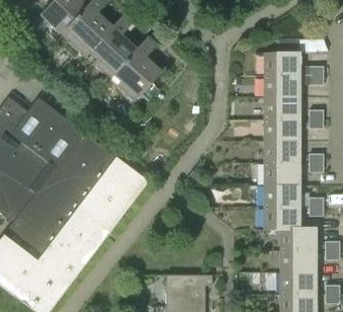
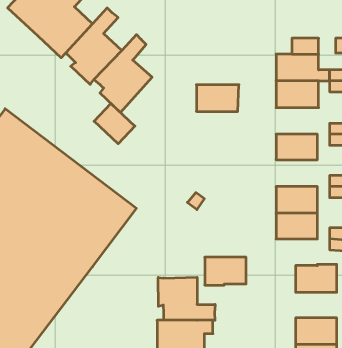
building: none -> [94,103,135,144]
building: [264,96,299,119] -> [196,85,239,111]
building: [264,140,298,162] -> none
building: [264,206,298,229] -> [205,257,246,285]
building: none -> [158,277,215,320]
building: [280,250,315,271] -> none

